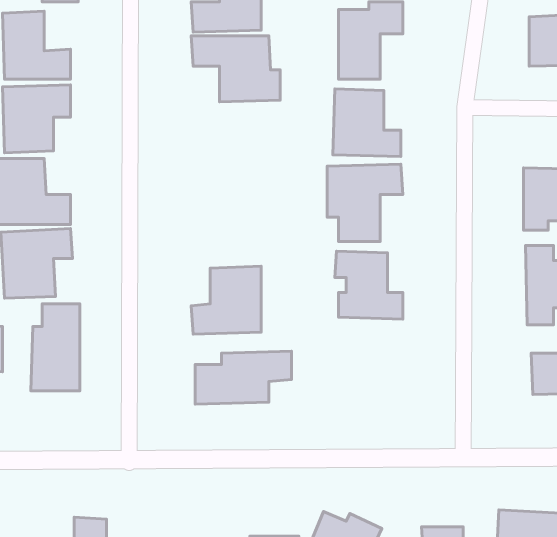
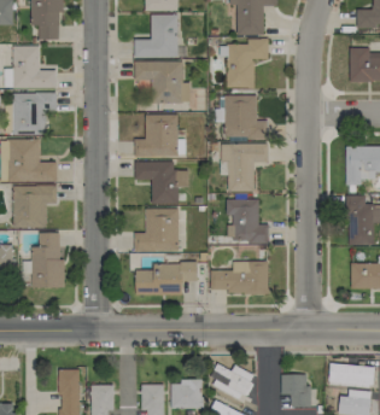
building: none -> [134,113,179,156]
building: none -> [135,160,177,204]
building: none -> [211,261,269,293]

